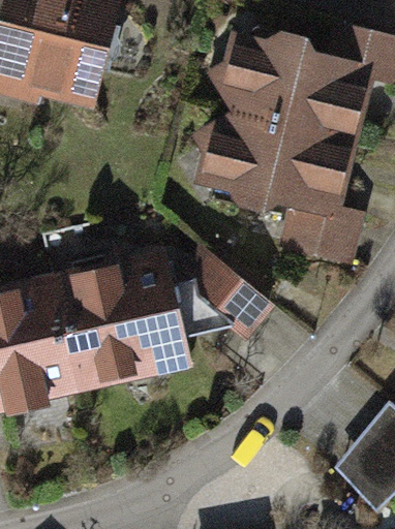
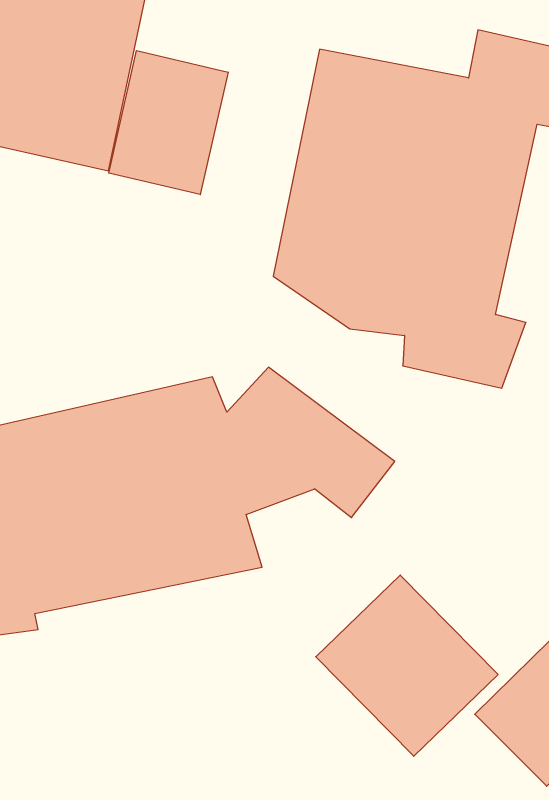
building: none -> [109,51,228,195]
building: none -> [316,575,498,756]

